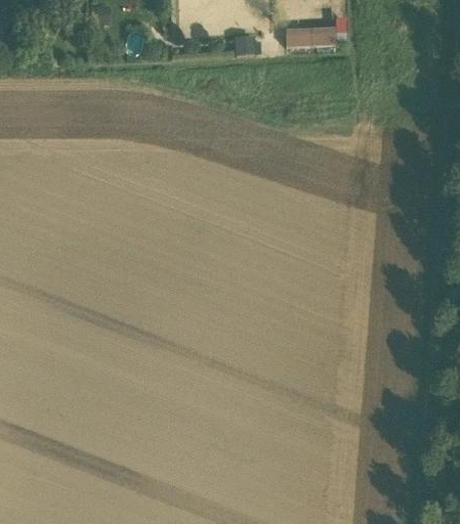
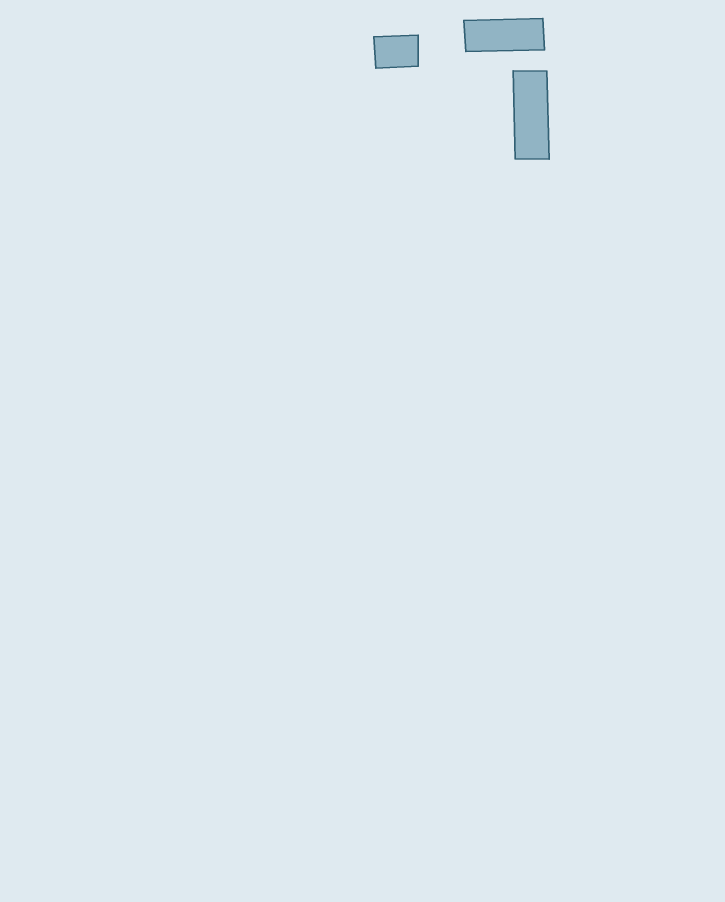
building: none -> [513,71,549,159]

